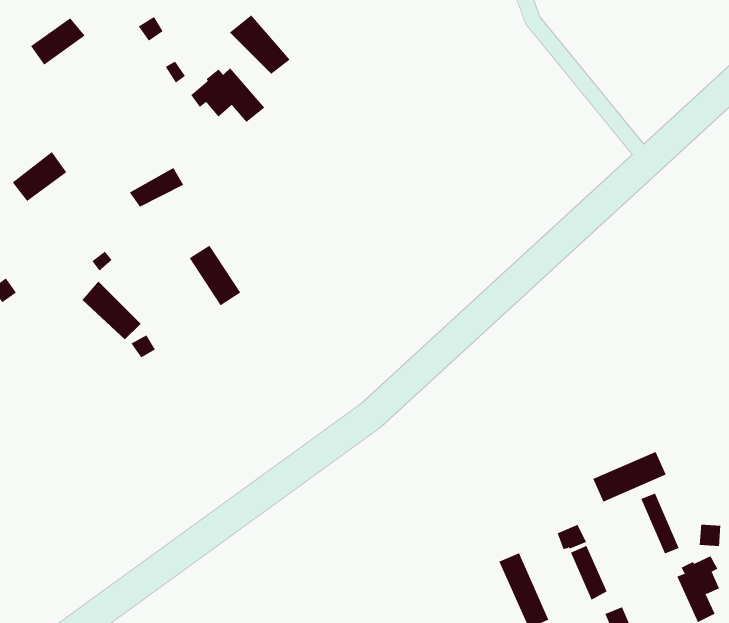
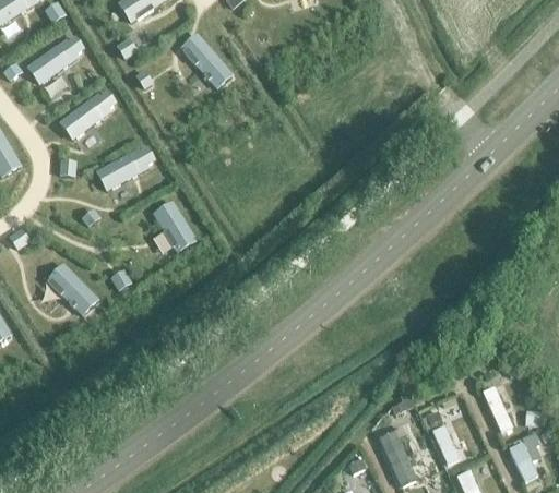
building: [191,67,265,123] -> none
building: [12,151,67,202] -> [73,92,114,129]
building: [82,280,141,340] -> [48,264,92,308]
building: [592,451,667,502] -> none

